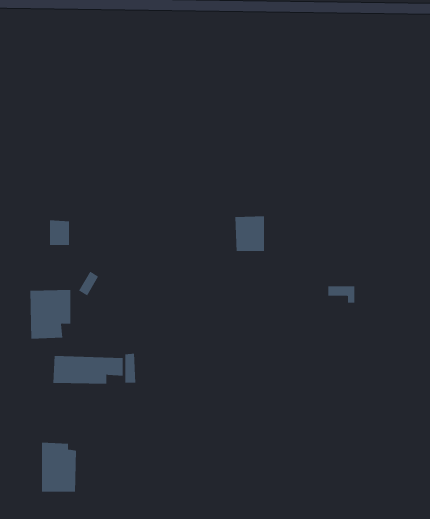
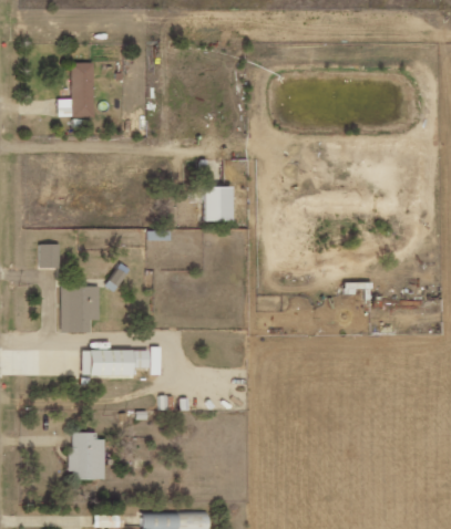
building: none -> [58,63,94,117]
building: [235,216,265,252] -> [205,186,234,220]
building: [49,220,70,245] -> [39,243,59,268]

